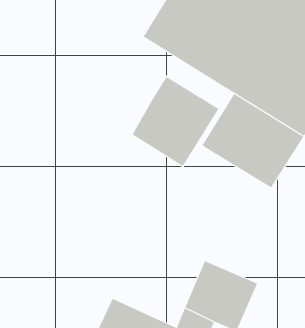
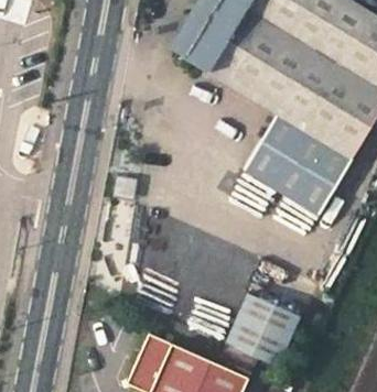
building: [132,76,219,167] -> none

